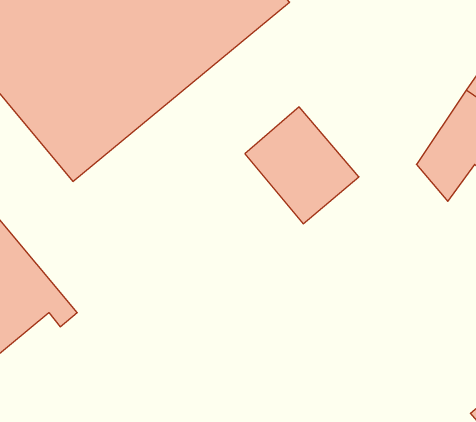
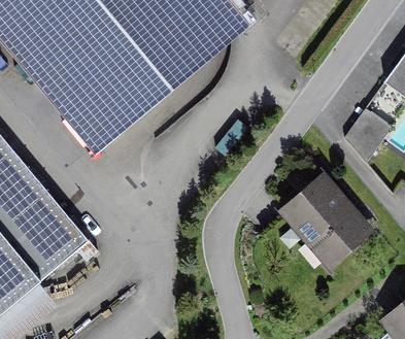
building: [245,107,359,224] -> [282,178,365,263]

